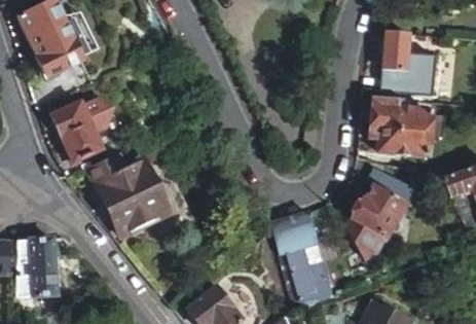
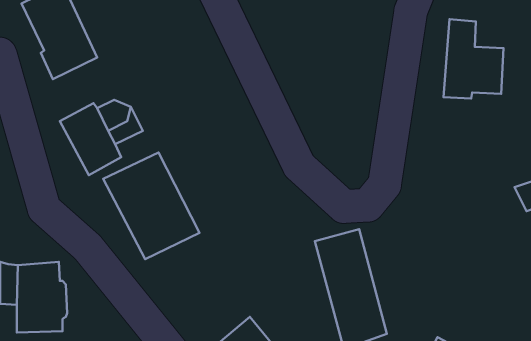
building: [369,96,429,152] -> none
building: [344,164,412,266] -> none

